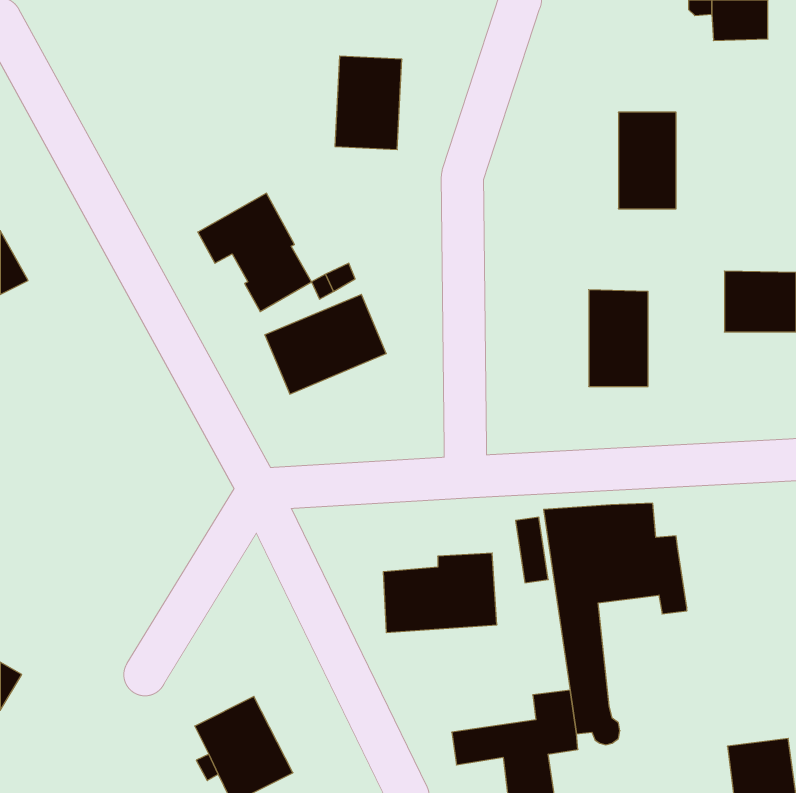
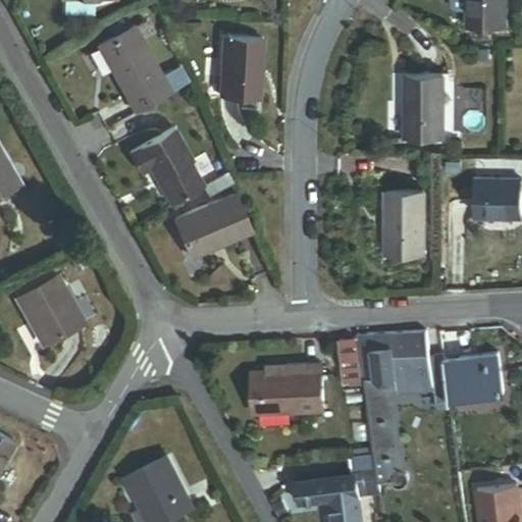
building: none -> [97,24,171,113]
building: none -> [15,275,83,346]
building: none -> [443,353,502,400]

